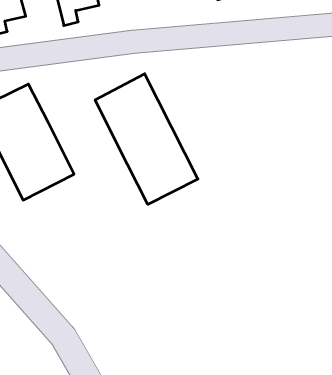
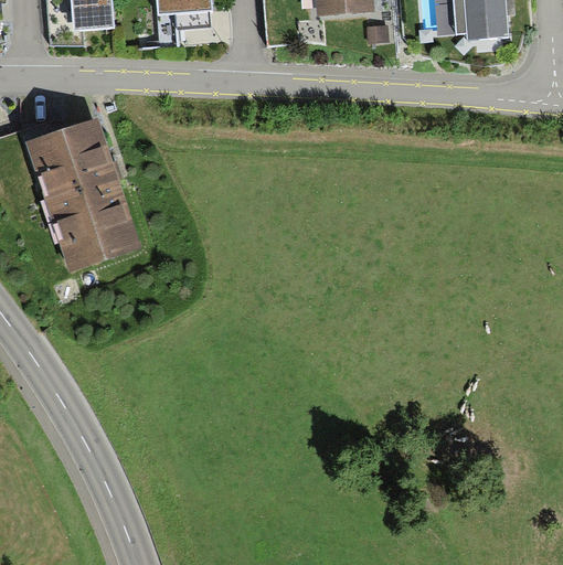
building: [95,74,198,204] -> none

